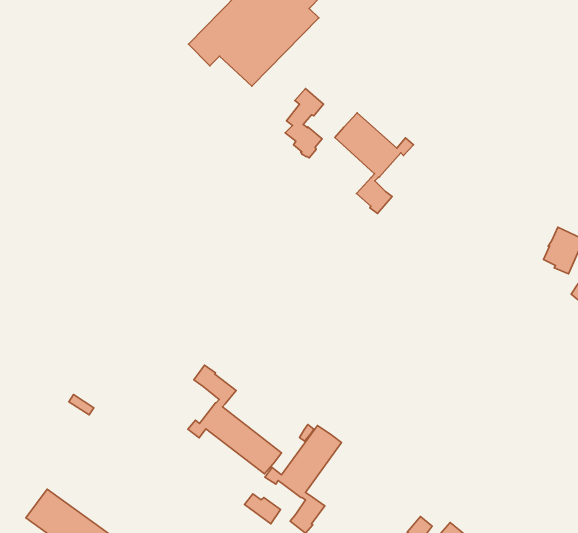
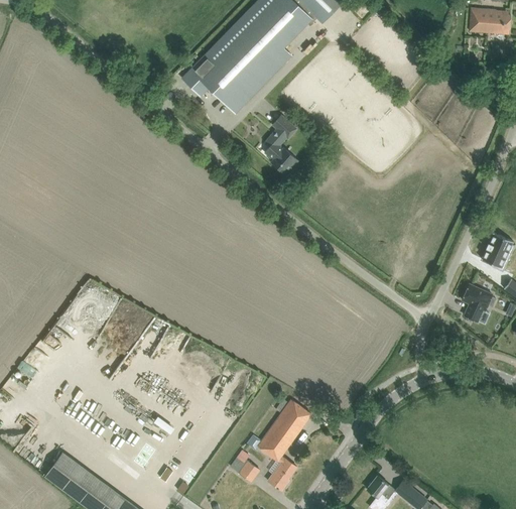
building: [335,113,414,214] -> none
building: none -> [462,283,496,322]
building: [188,365,281,474] -> none

